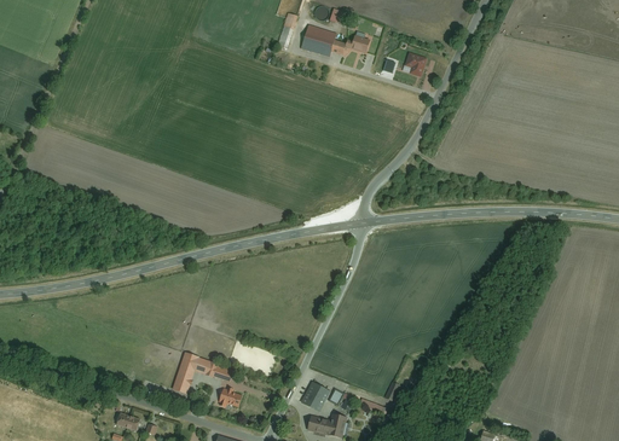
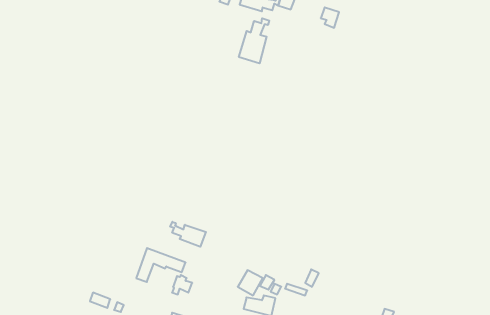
building: none -> [239,18,269,63]
building: none -> [170,222,206,247]

